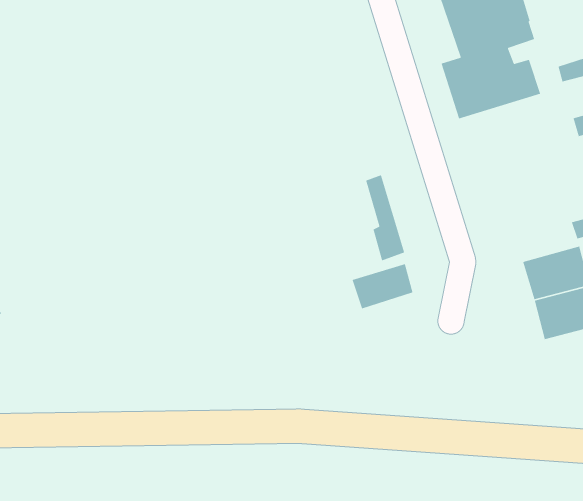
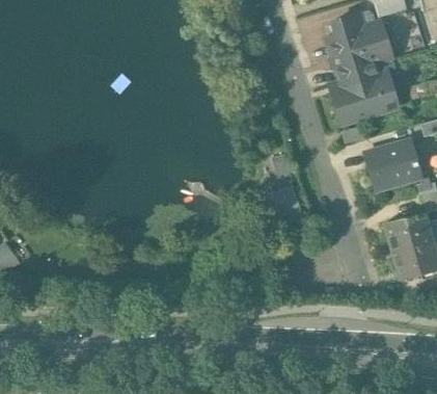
building: none -> [363,141,420,191]
building: [352,263,413,309] -> none

